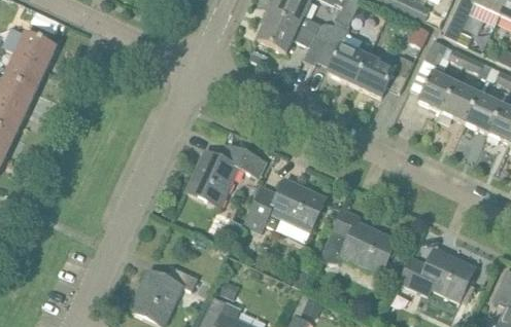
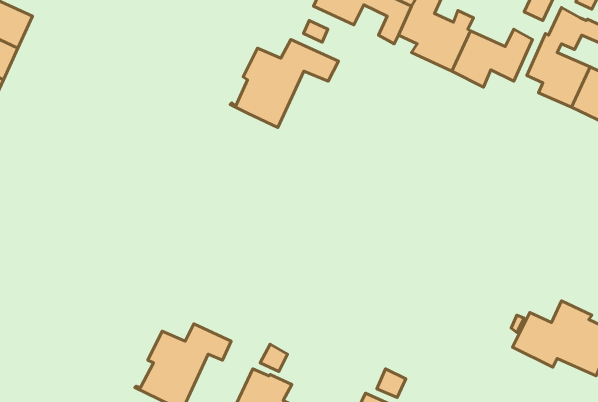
building: [185,144,263,207] -> [230,39,338,127]
building: [243,178,326,233] -> none
building: [317,208,397,275] -> none

